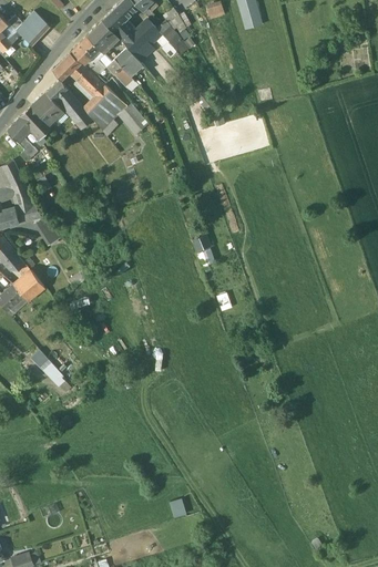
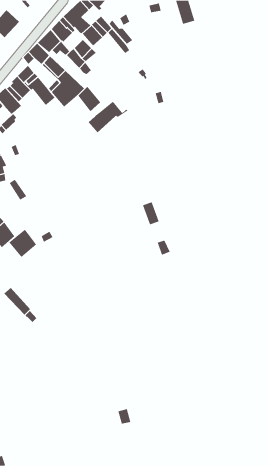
building: none -> [88,101,128,133]
building: none -> [9,229,37,258]

